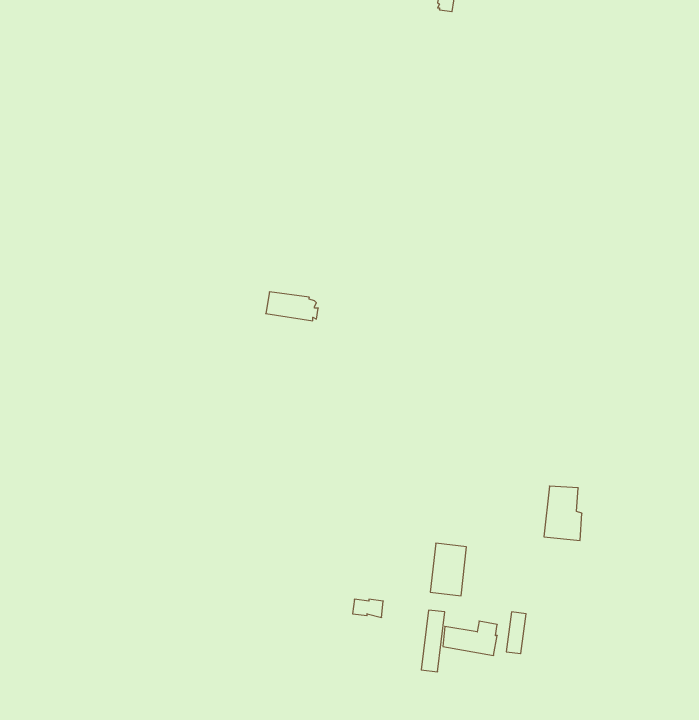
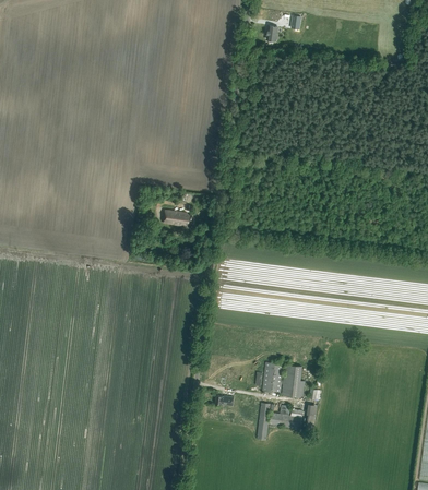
building: [544,486,582,540] -> [281,364,304,397]

